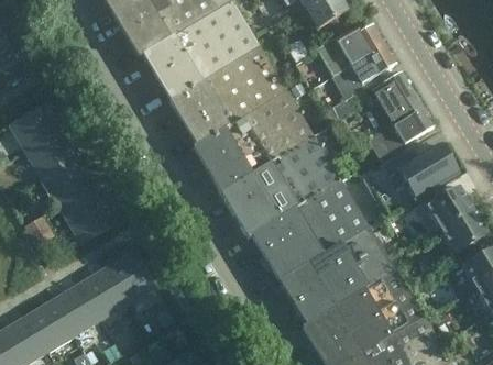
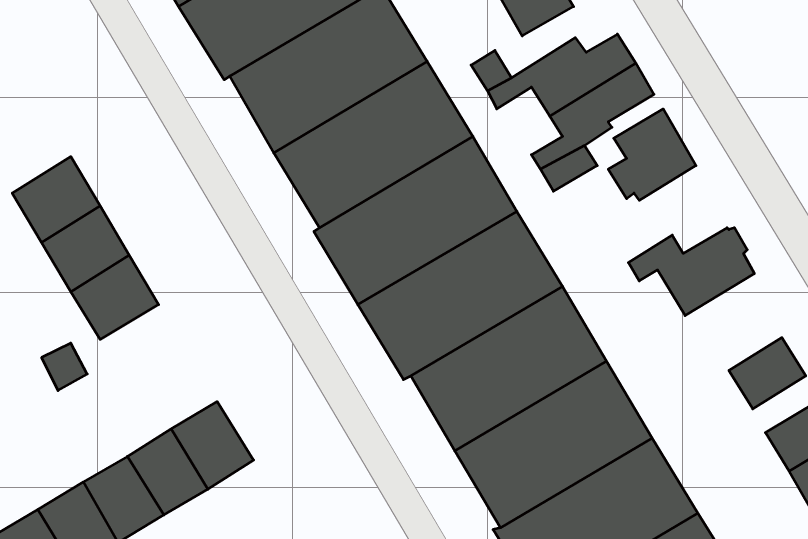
building: [369,108,435,165] -> none
building: [428,187,474,231] -> none
building: [64,191,118,243] -> none

